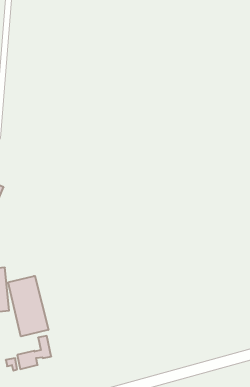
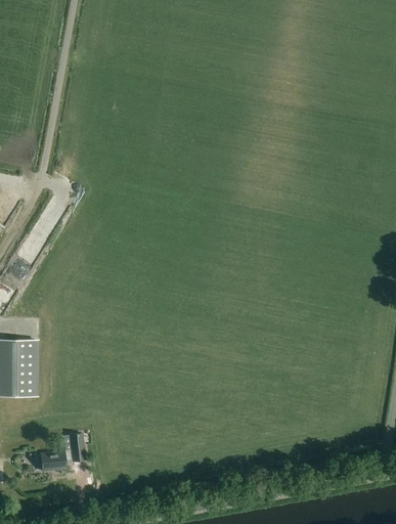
building: [8,276,48,336] -> none

